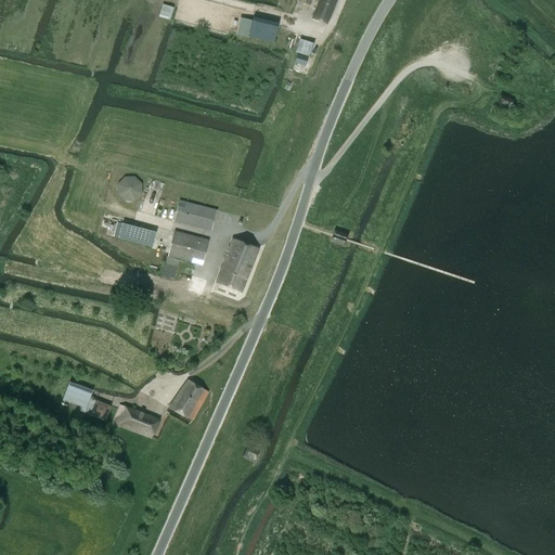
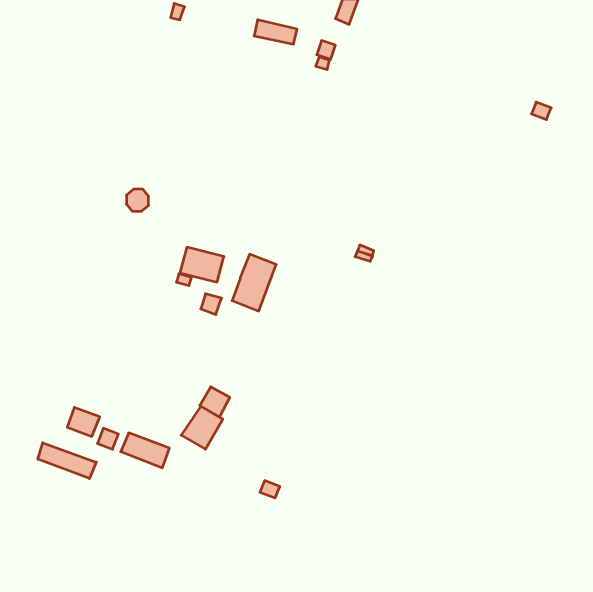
building: [173,199,223,231] -> none
building: [118,222,156,246] -> none
building: none -> [200,387,230,417]
building: none -> [38,443,96,479]

